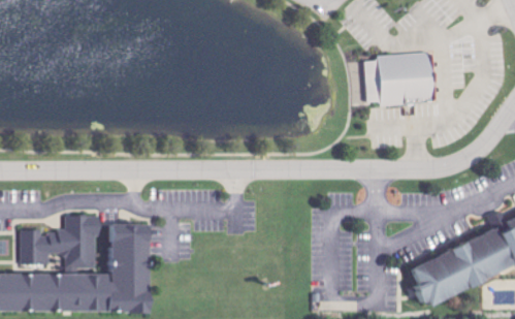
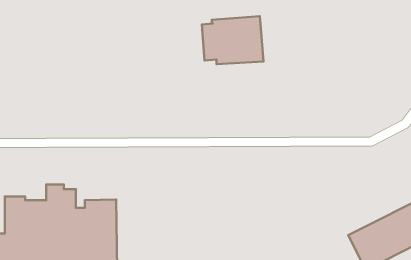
building: [359,49,428,102] -> [202,16,264,64]

